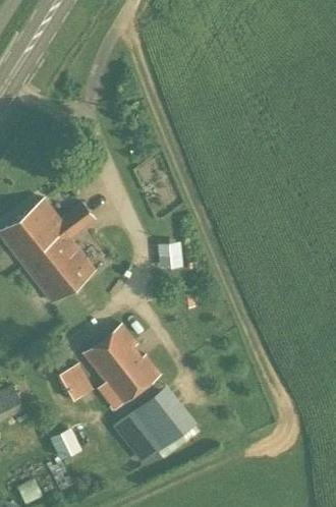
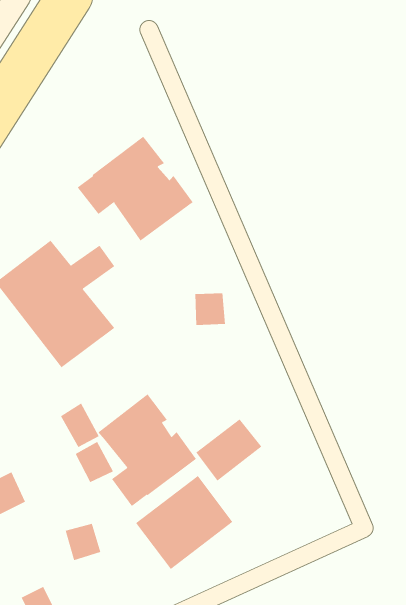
building: none -> [77,136,194,242]
building: none -> [60,403,99,448]
building: none -> [195,419,262,481]

